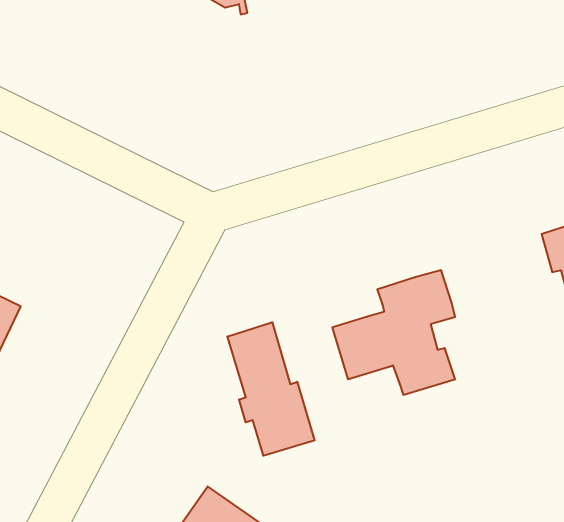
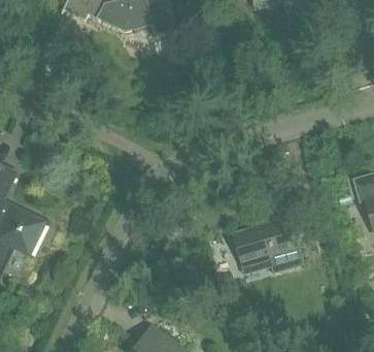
building: [227,322,315,456] -> none

